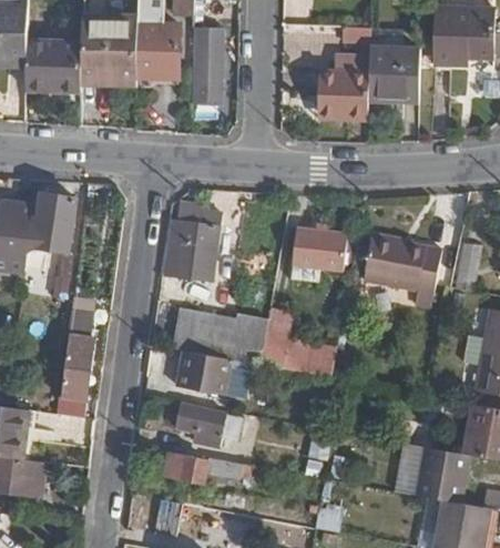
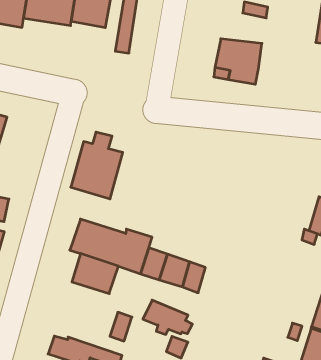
building: [369,47,420,103] -> none
building: [293,227,348,268] -> none
building: [365,231,430,287] -> none
building: [174,406,234,445] -> [143,300,192,334]

